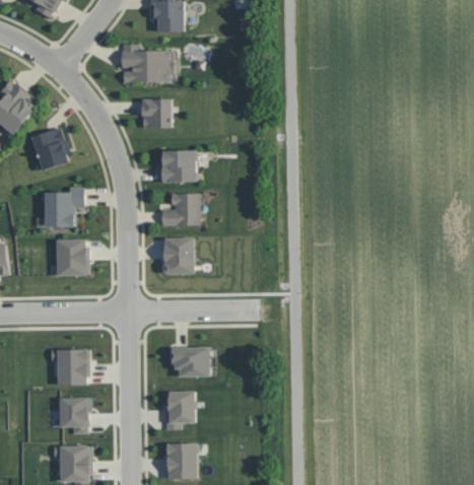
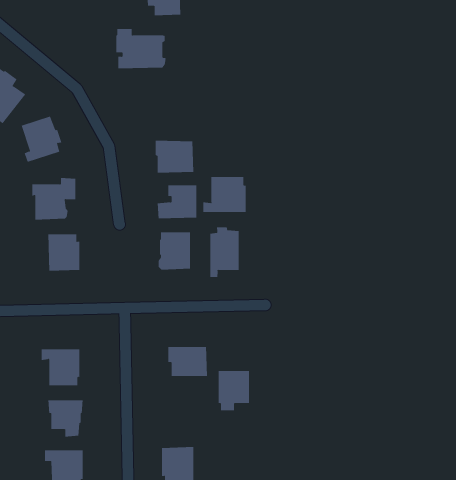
building: [140,99,171,129] -> none
building: none -> [203,176,246,213]
building: none -> [210,227,239,278]
building: [163,392,194,430] -> [218,371,250,411]

